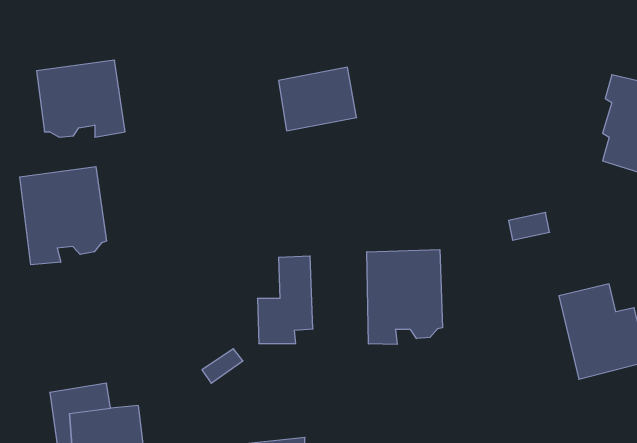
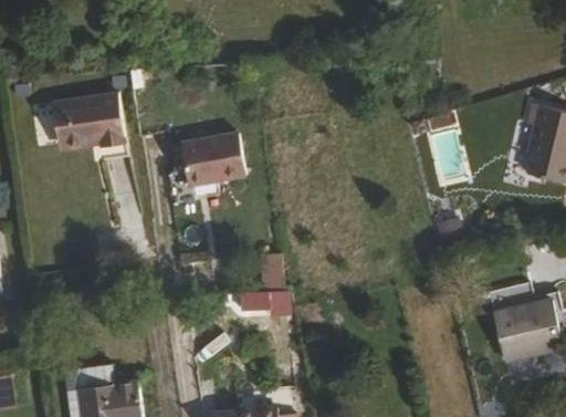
building: [279,67,357,131] -> [181,133,247,186]
building: [20,167,106,265] -> none
building: [367,250,442,344] -> none

